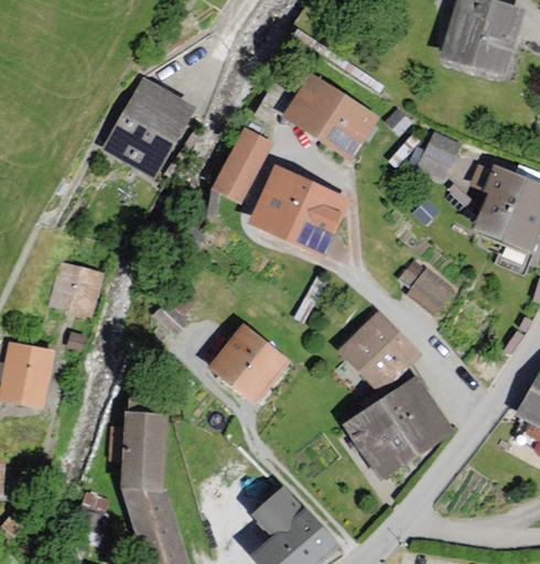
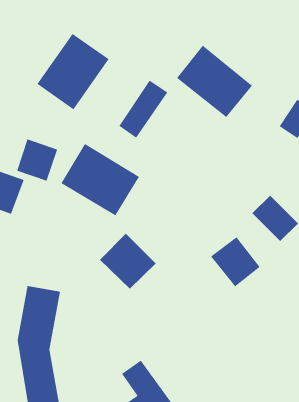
building: [250,167,350,256] -> [60,143,140,216]
building: none -> [17,139,58,181]
building: [355,376,447,464] -> none

